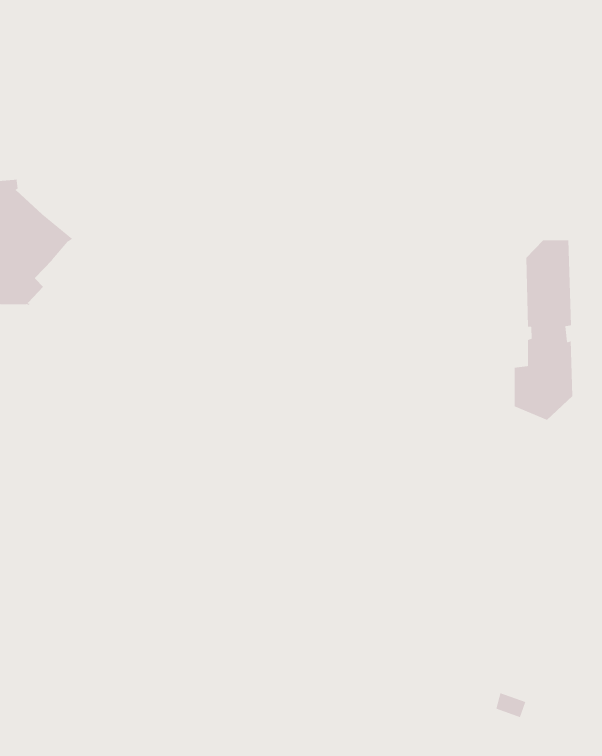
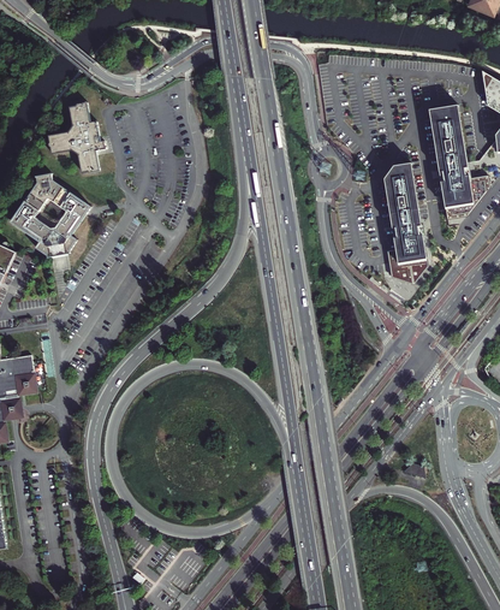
building: none -> [47,100,105,171]

